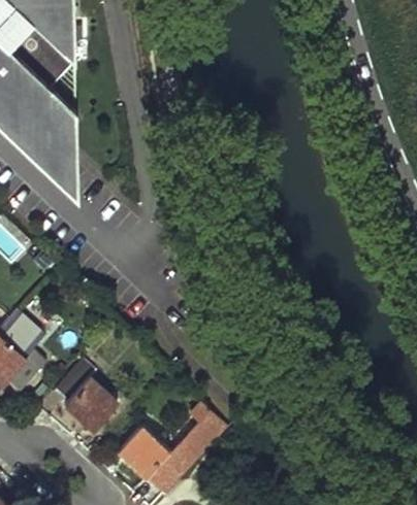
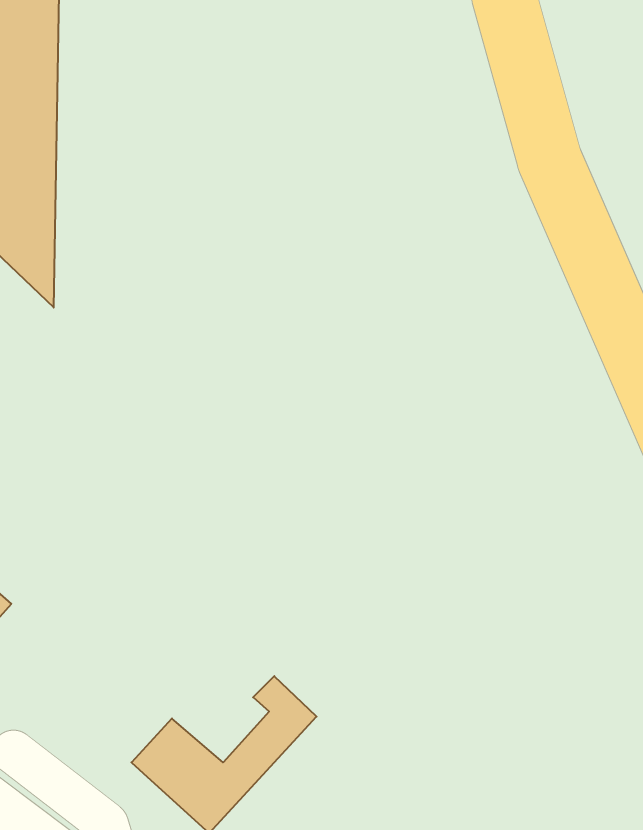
building: [53,358,116,428] -> none

